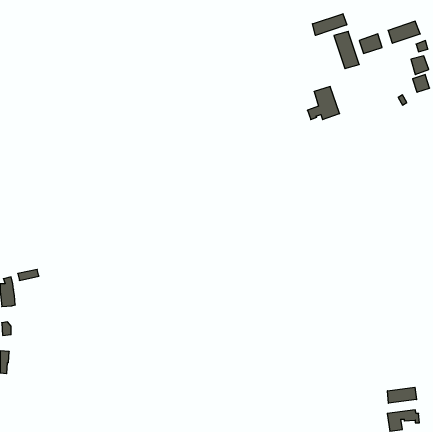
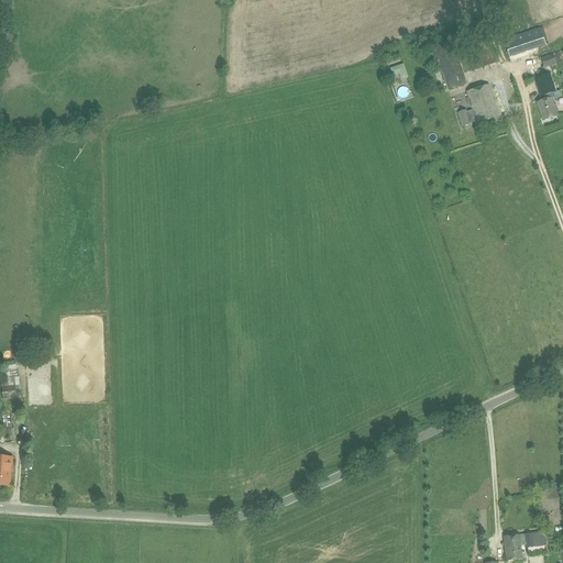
building: [312,14,347,35] -> none
building: [307,87,340,120] -> [457,84,499,126]
building: [388,387,417,403] -> none

